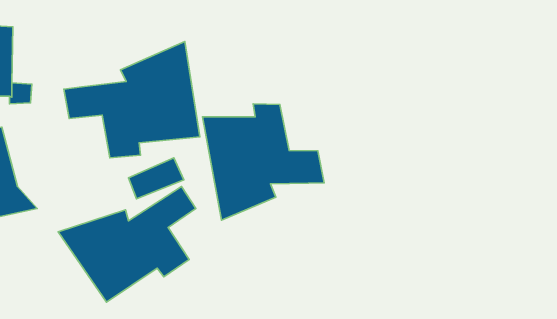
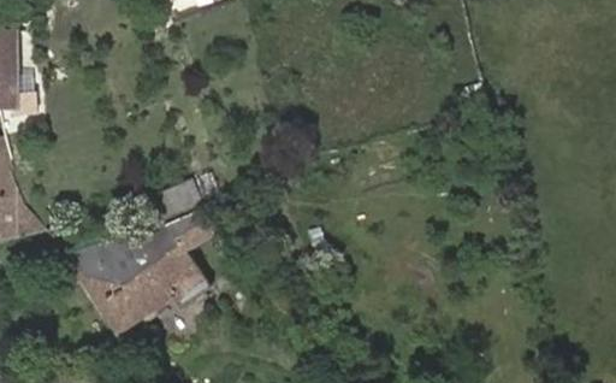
building: [64,41,200,158] -> none
building: [203,104,324,220] -> none

